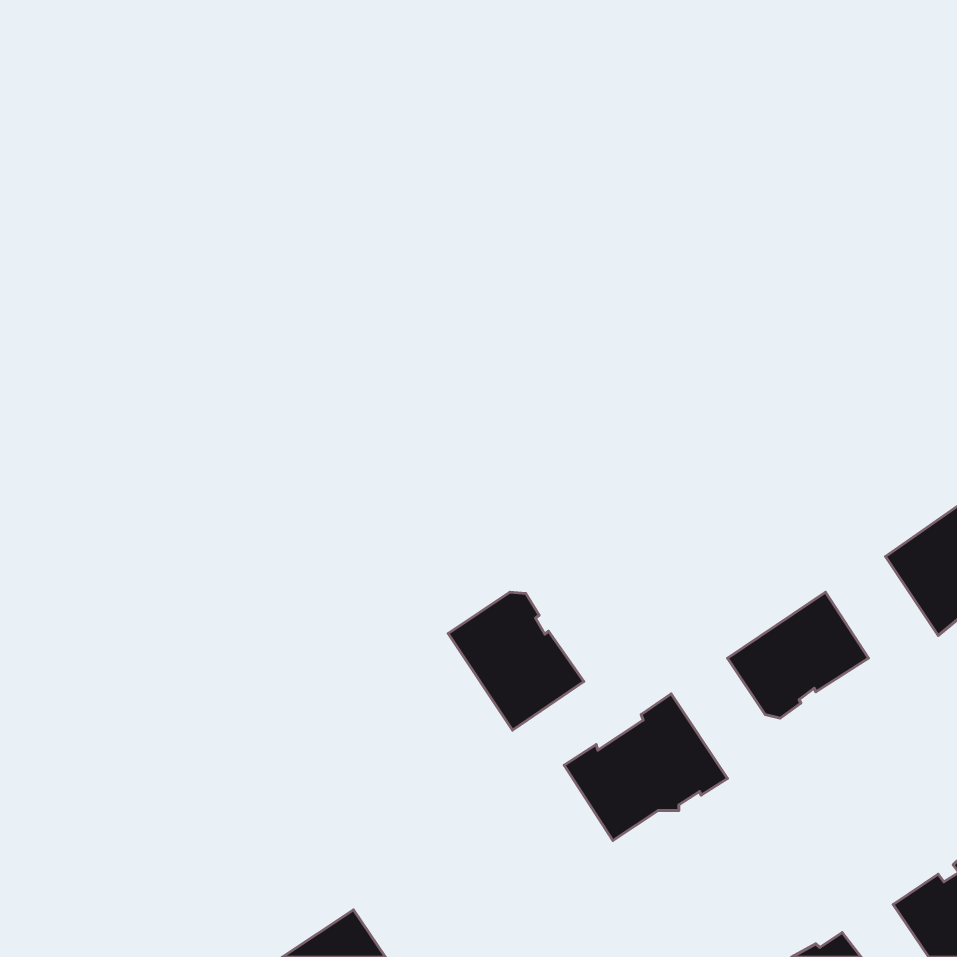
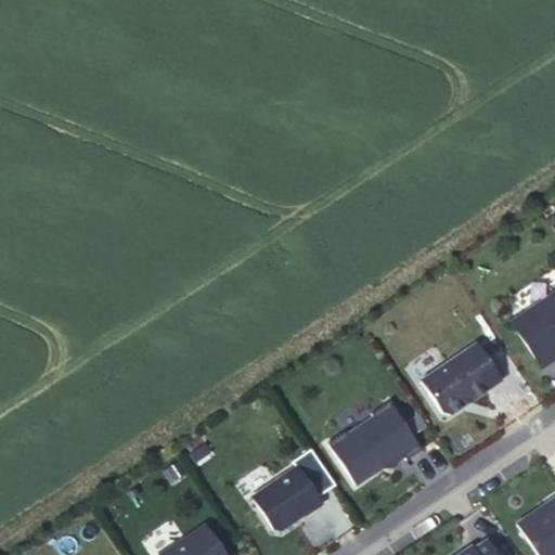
building: [448,592,584,730] -> none
building: none -> [254,467,324,530]

